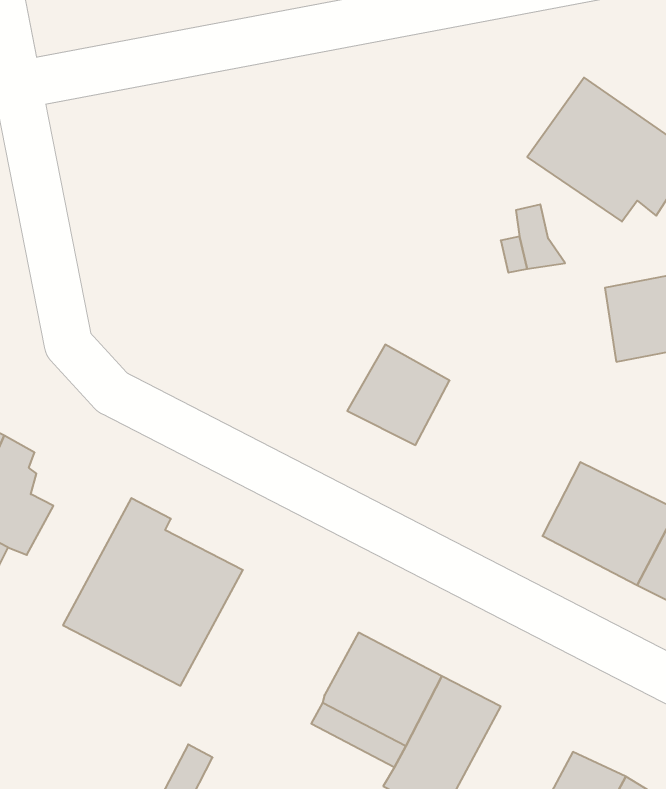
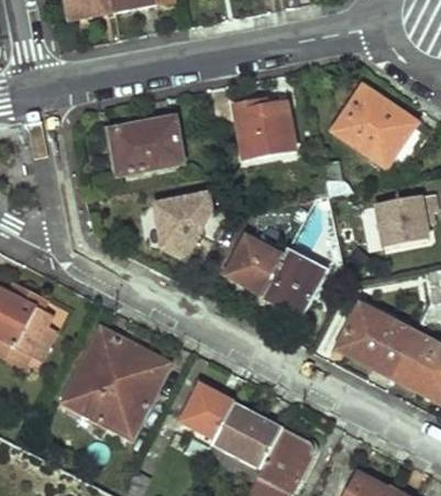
building: none -> [232,93,295,155]
building: none -> [110,115,183,172]
building: none -> [157,192,232,260]
building: none -> [265,250,327,316]
building: none -> [179,387,232,440]

